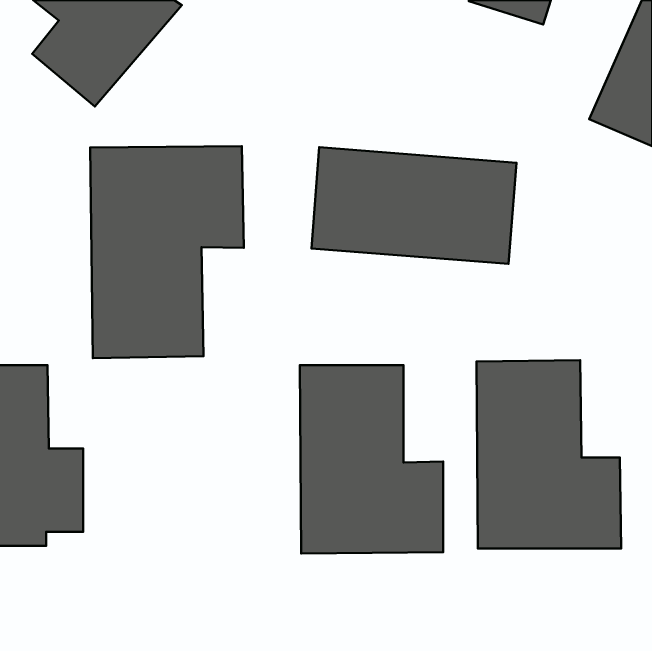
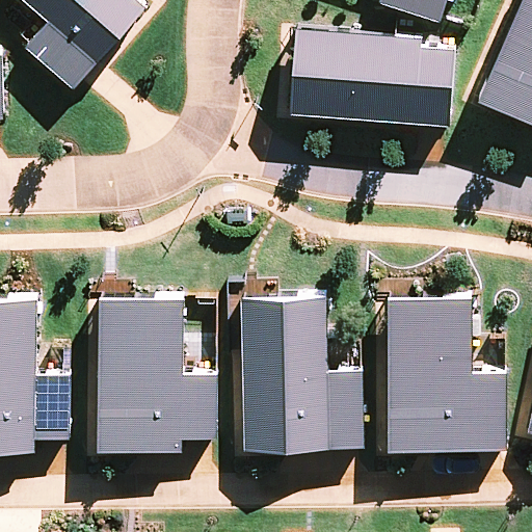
building: [90,146,244,358] -> none
building: [311,147,516,264] -> [289,31,455,126]
building: none -> [97,296,213,444]

